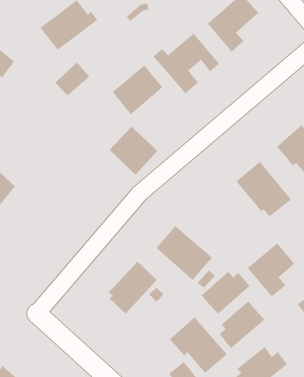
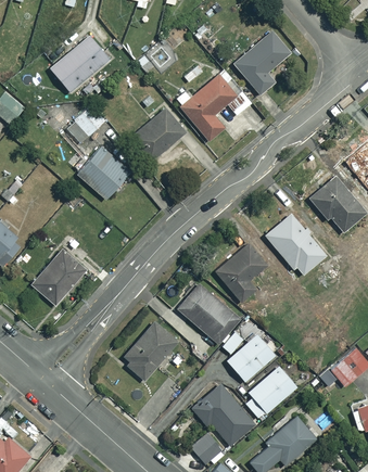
building: [109,126,158,175] -> [76,146,130,201]
building: none -> [31,248,87,306]
building: [247,243,295,297] -> [214,243,267,303]

